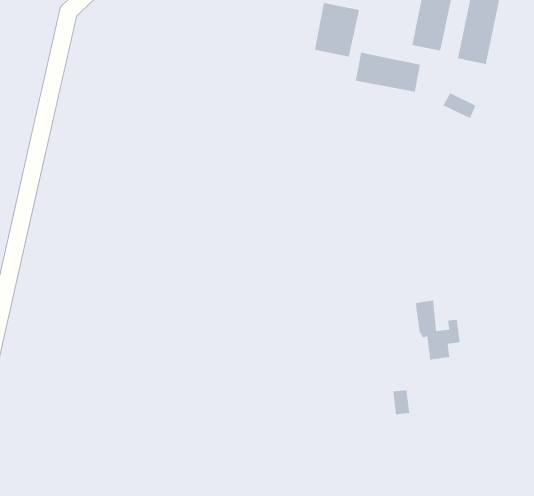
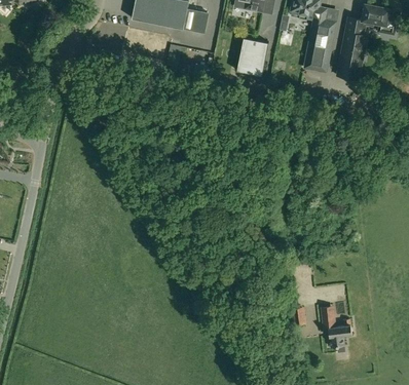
building: [355,52,420,93] -> none
building: [415,300,460,360] -> [321,304,352,346]

